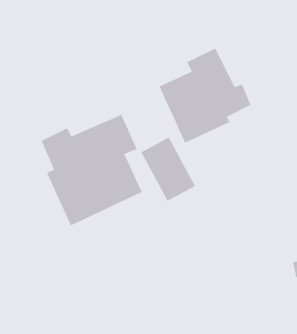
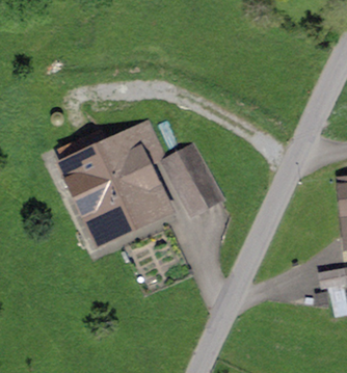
building: [159,48,251,144] -> none

